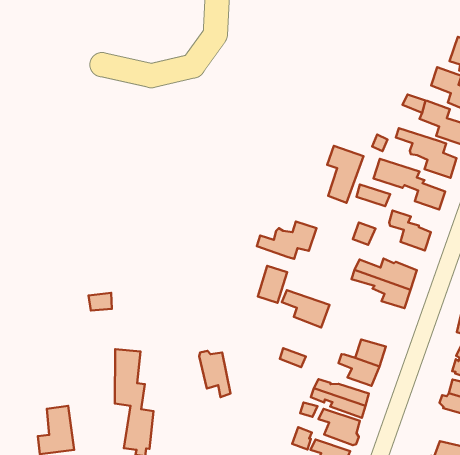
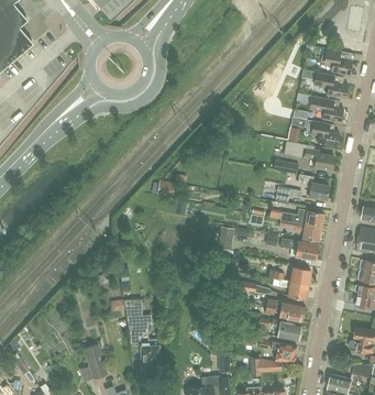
building: [327,146,364,203] -> none
building: [257,222,316,259] -> none
building: [282,290,329,328] -> [285,239,318,261]
building: [199,351,230,397] -> none

